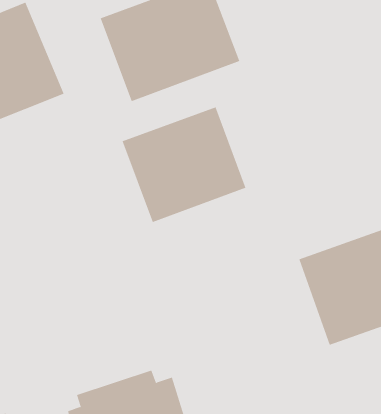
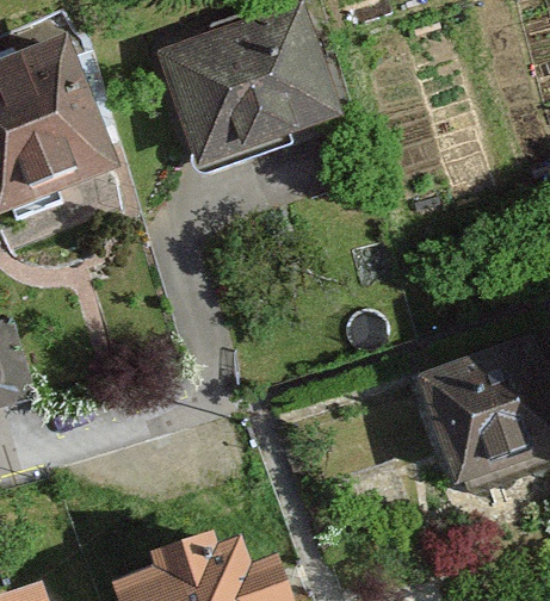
building: [122,106,246,223] -> none

